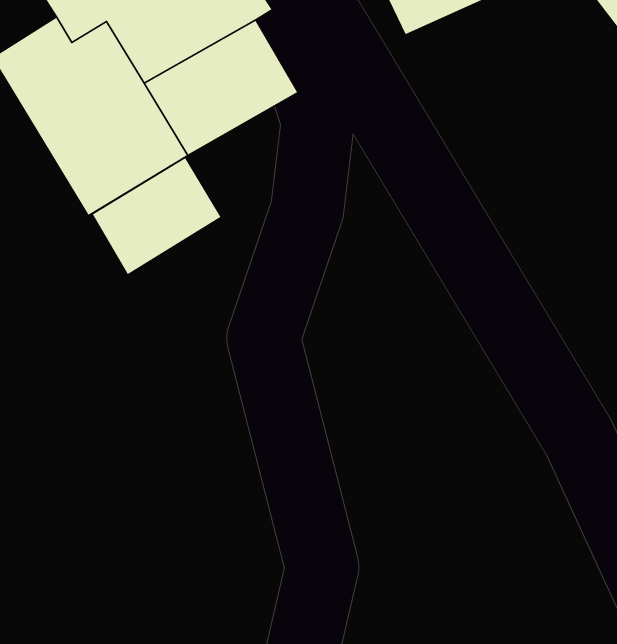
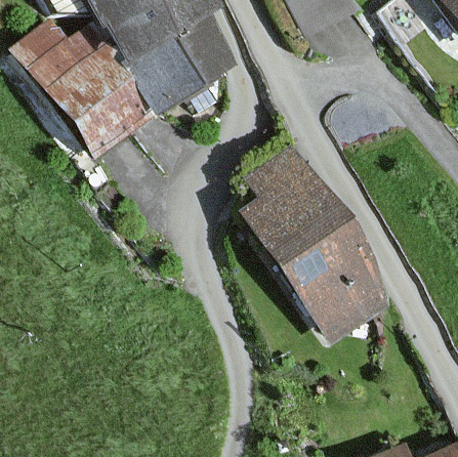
building: [92,157,222,275] -> none
building: none -> [249,150,394,334]

